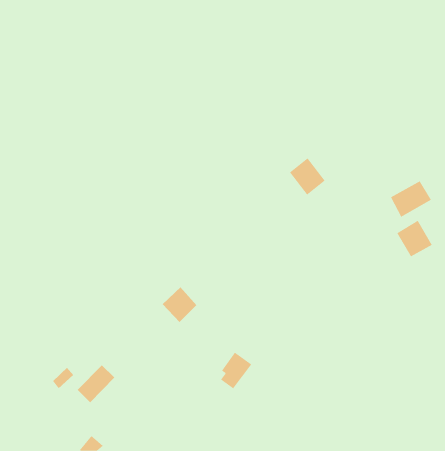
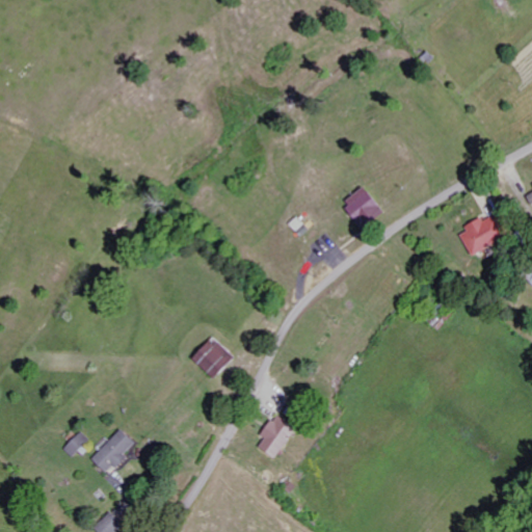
building: [396,220,432,257] -> none

